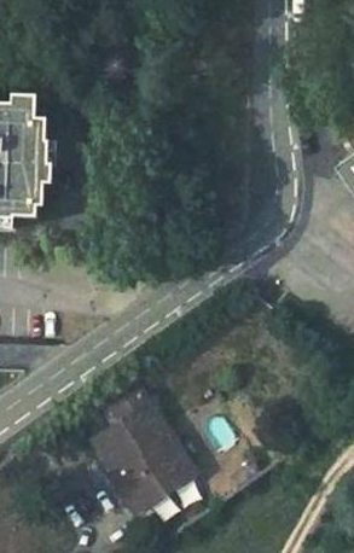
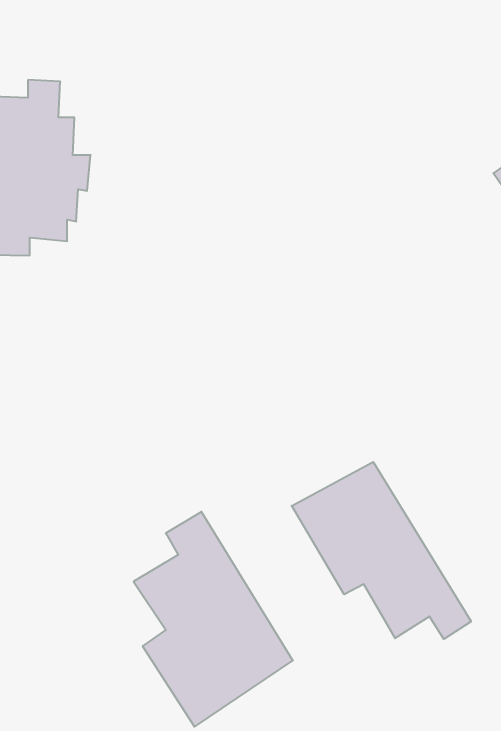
building: none -> [292,462,471,639]

